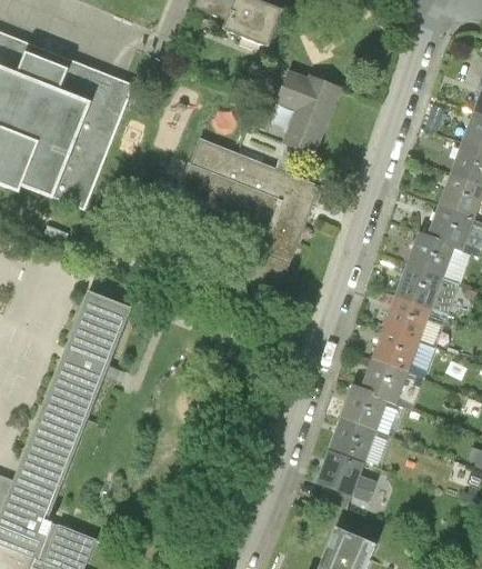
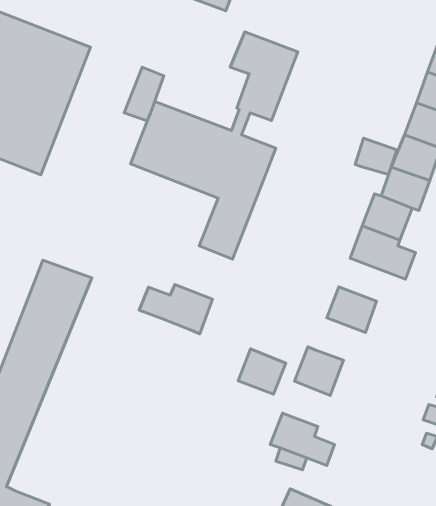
building: none -> [124,67,164,121]
building: none -> [355,138,397,175]
building: [384,295,433,338] -> none
building: none -> [139,284,213,334]
building: [361,355,411,401] -> none
building: [328,418,375,463] -> [238,349,286,394]

